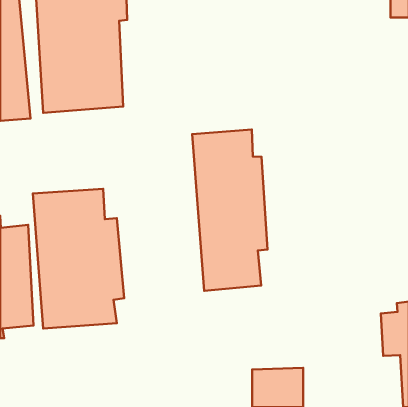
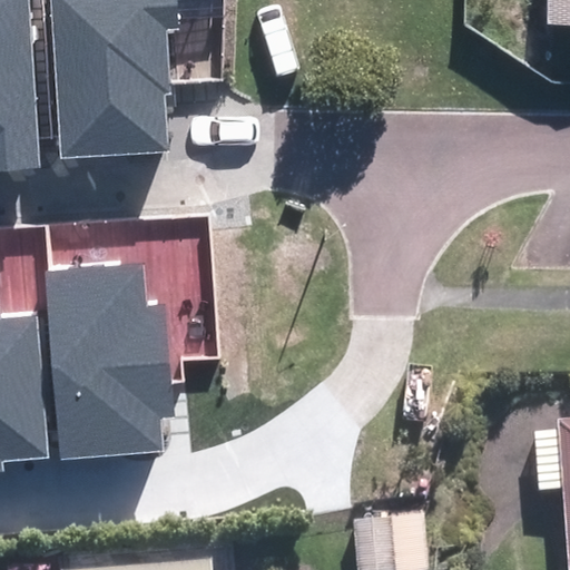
building: [192,129,268,291] -> none

